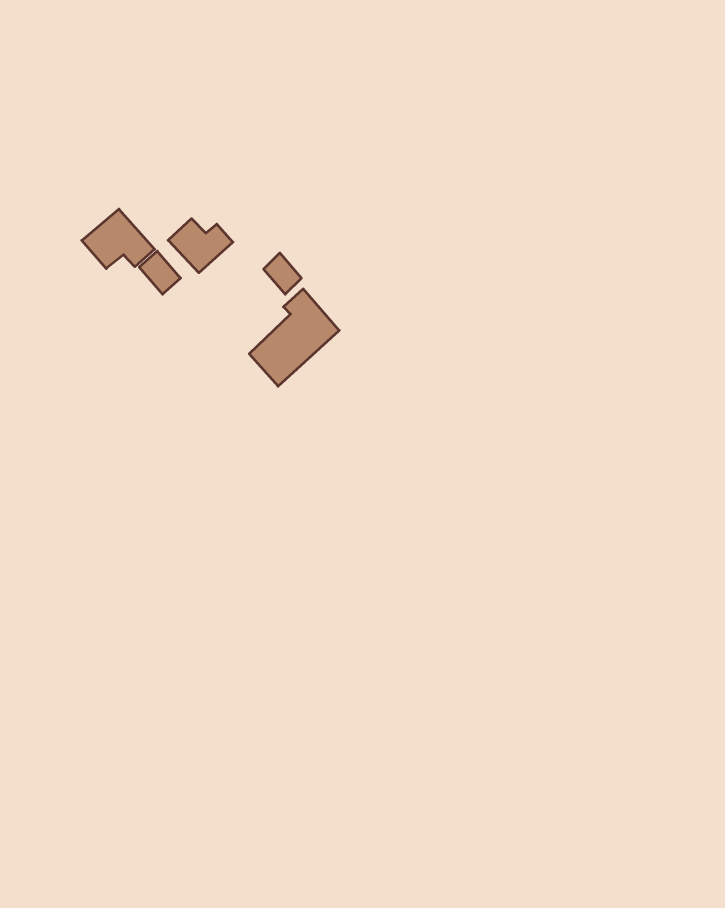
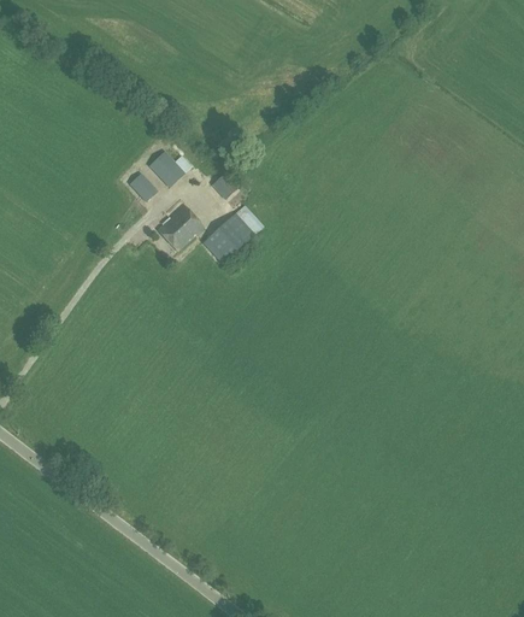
building: [82,209,155,269] -> none
building: none -> [157,206,204,252]

